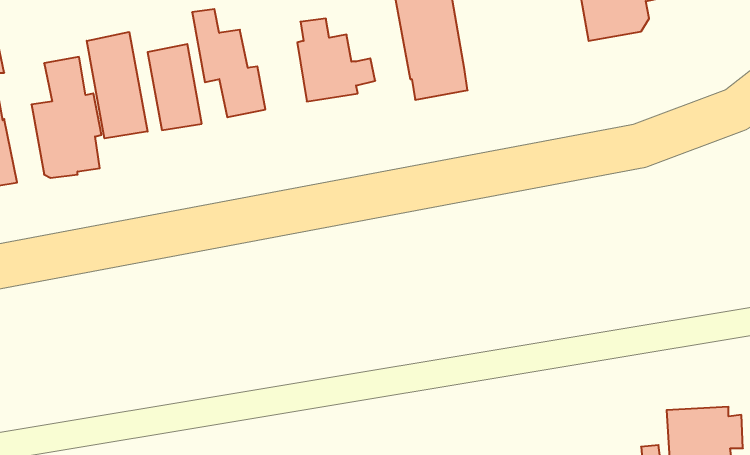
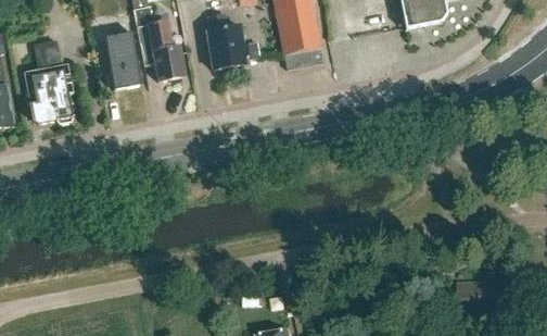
building: [87,32,148,138] -> none

